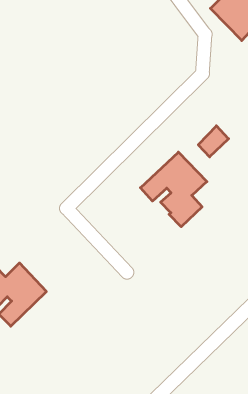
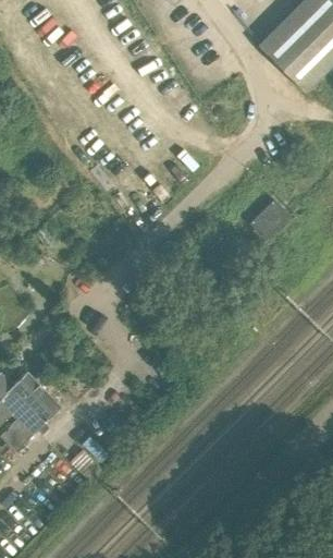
building: [140,152,207,227] -> none

